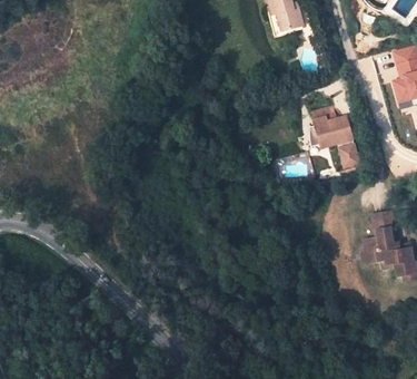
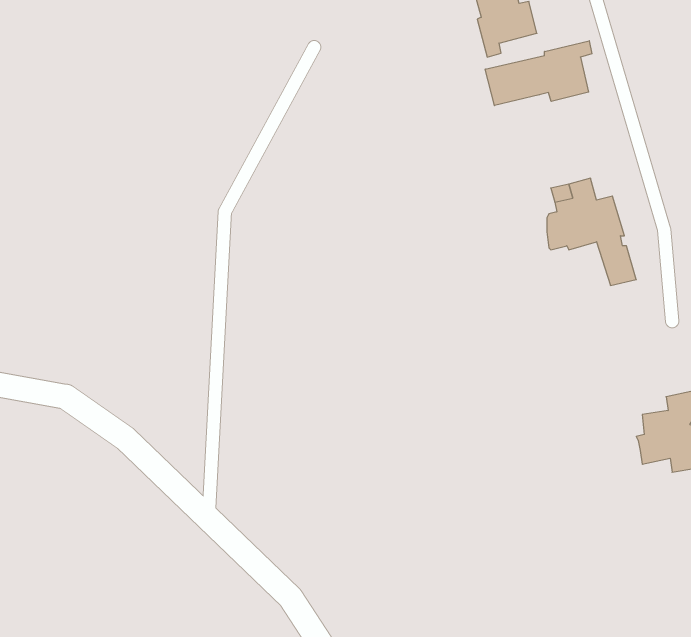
building: none -> [485,41,592,106]

